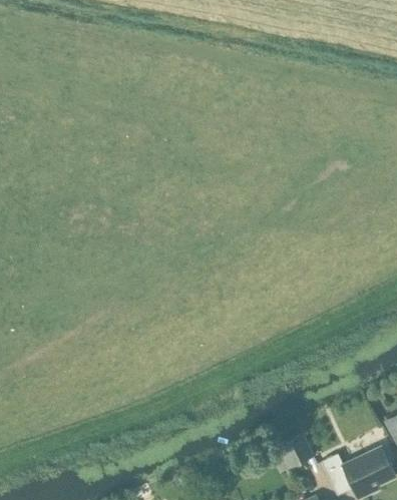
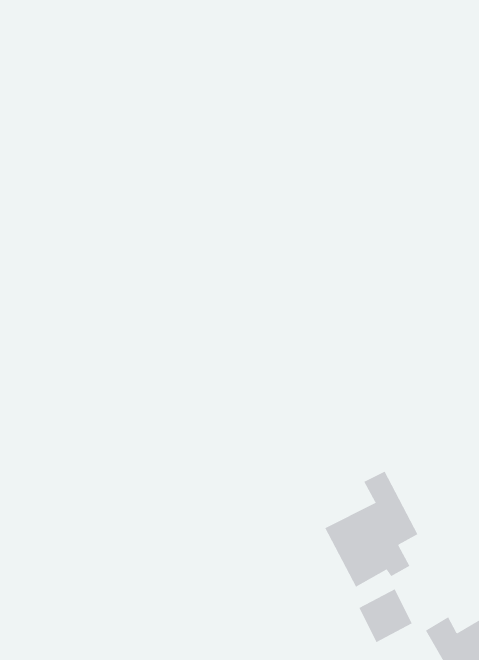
building: none -> [324,471,418,587]

